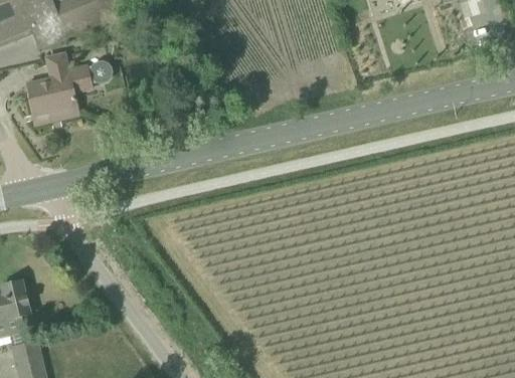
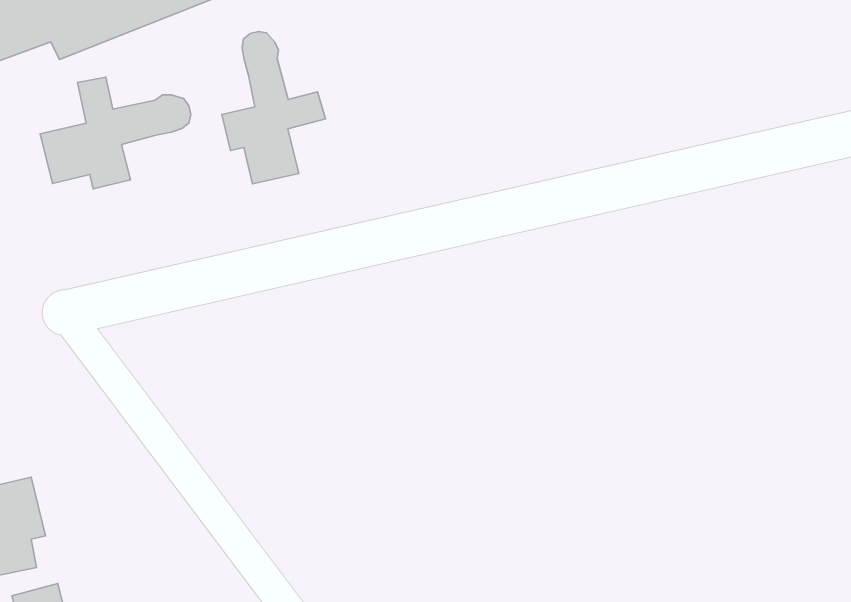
building: none -> [222,31,325,184]

